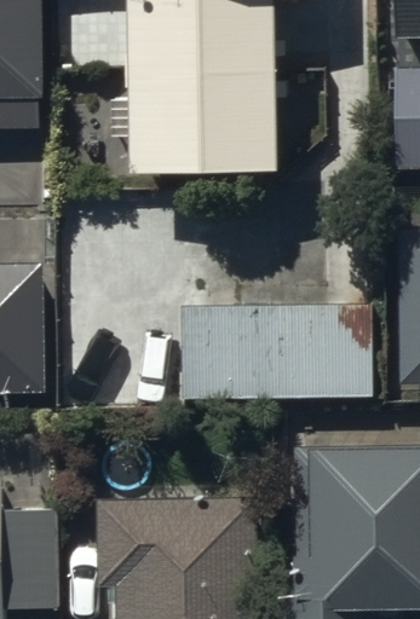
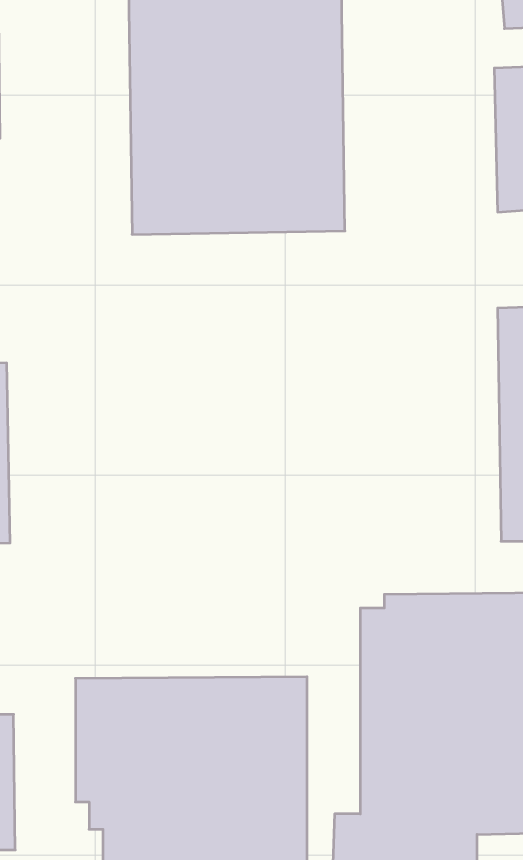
building: [186,308,375,398] -> none

